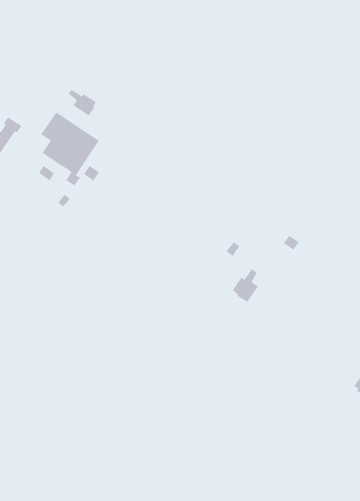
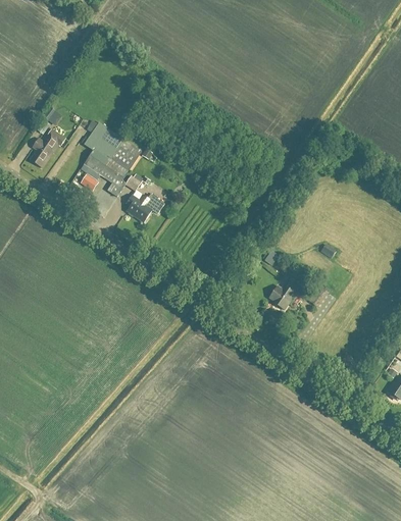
building: [68,89,97,117] -> none
building: none -> [124,193,162,221]

